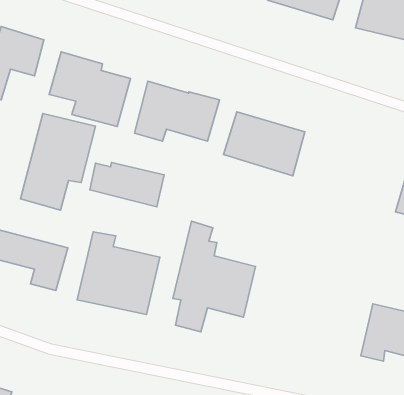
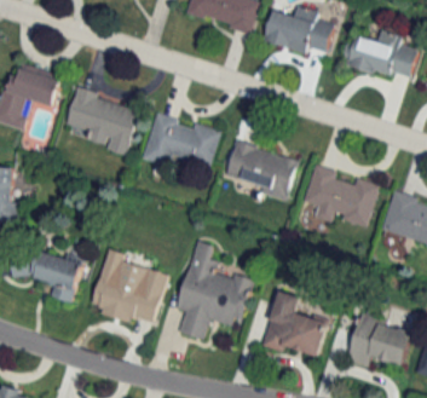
building: [20,113,96,210] -> none
building: none -> [304,163,379,226]
building: [90,162,164,207] -> none
building: none -> [264,290,328,357]

